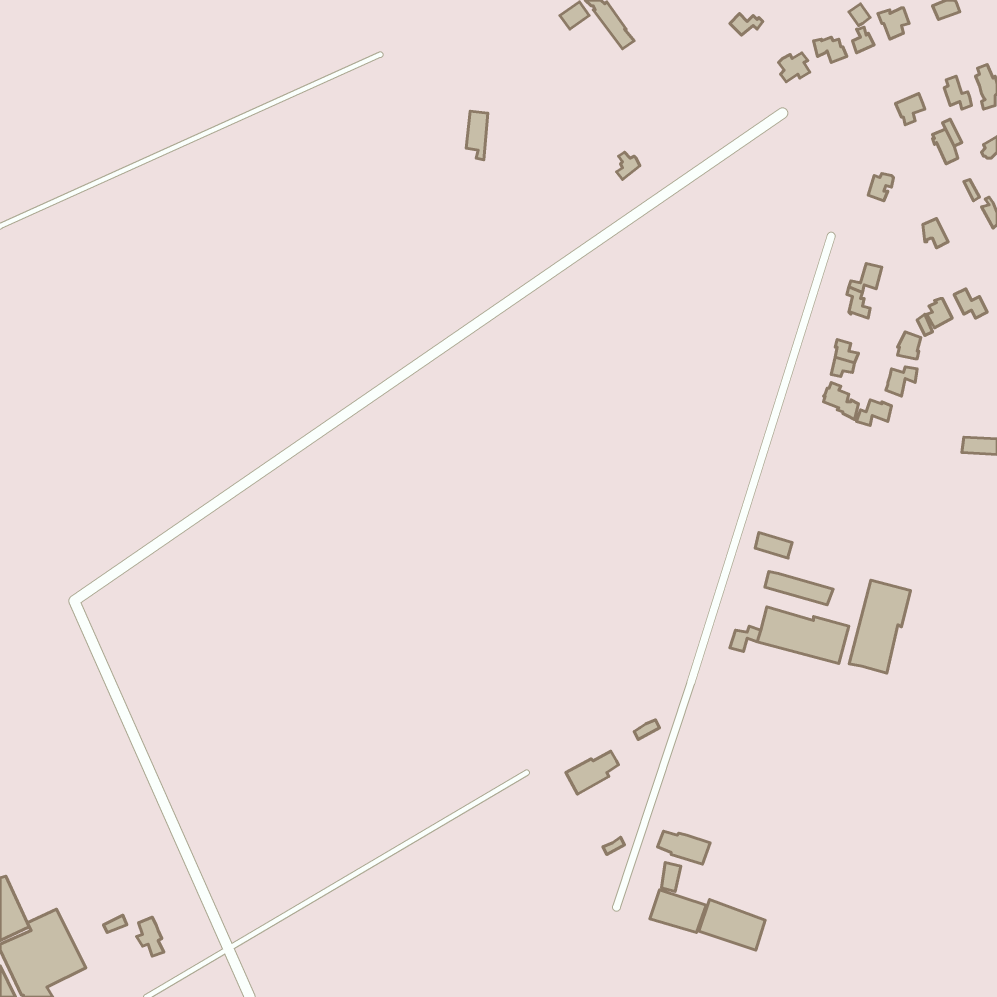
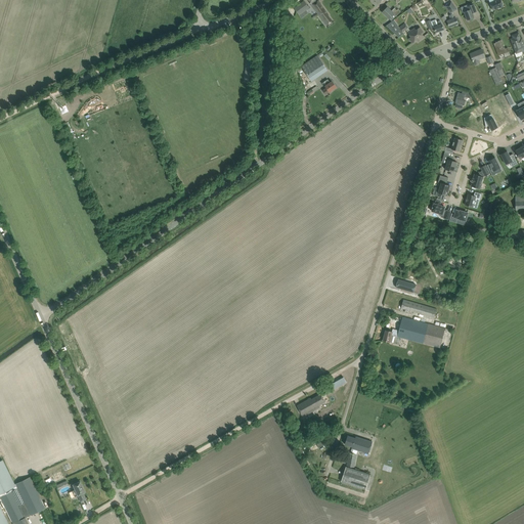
building: none -> [301,55,328,82]
building: [849,580,910,673] -> none
building: [699,899,765,950] -> none

